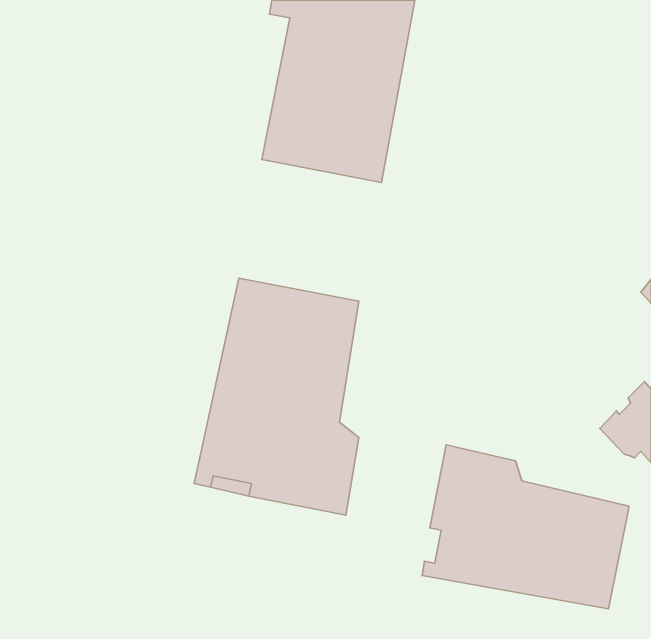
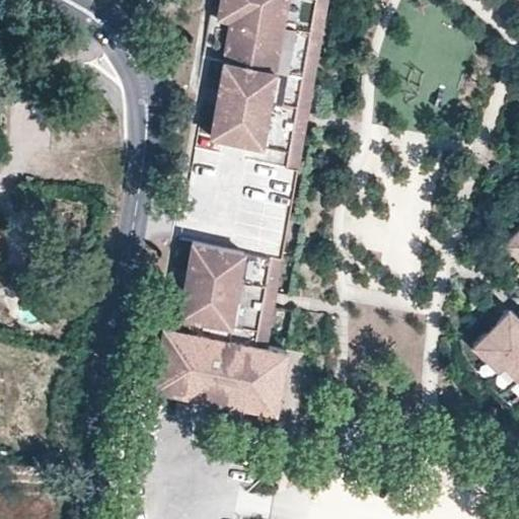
building: [422,445,629,609] -> none

